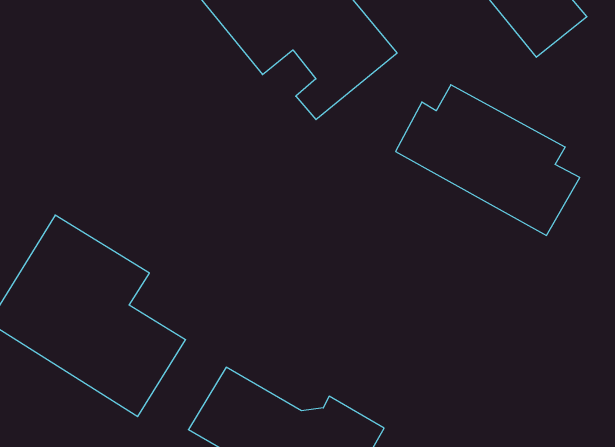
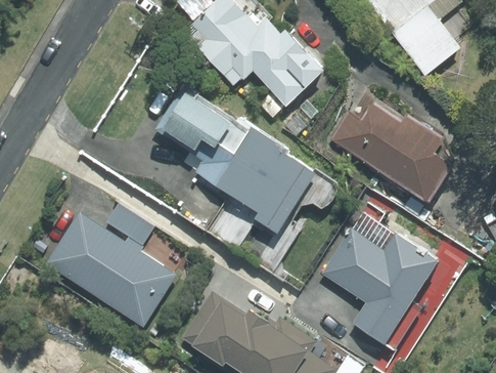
building: none -> [151,88,317,234]
building: none -> [321,226,439,343]

